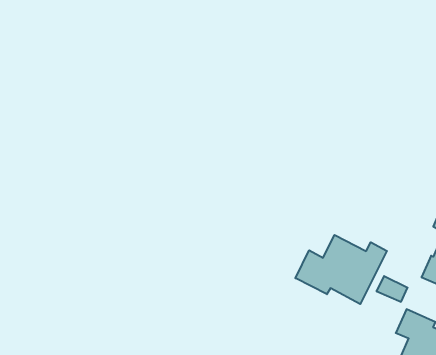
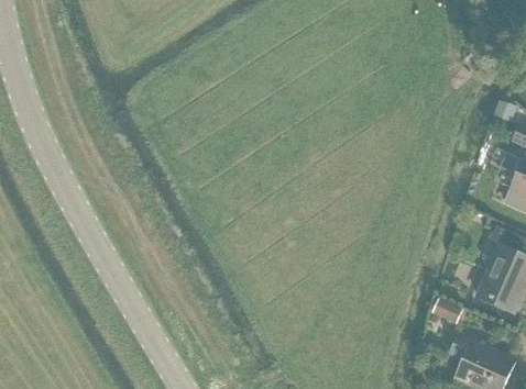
building: [295,235,387,304] -> none

